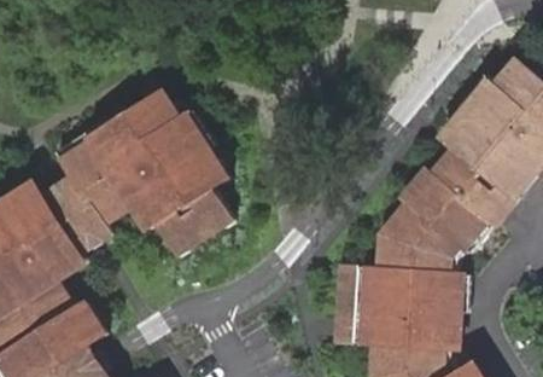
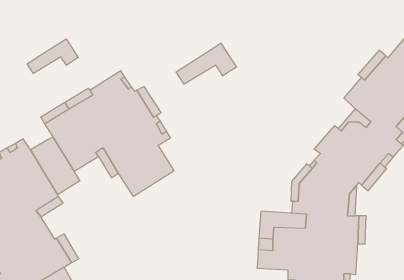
building: none -> [27,39,78,73]
building: none -> [176,43,236,84]

